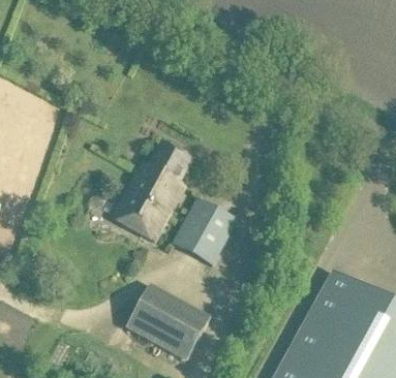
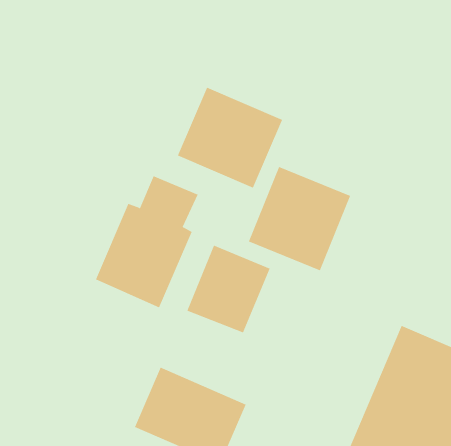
building: none -> [177,87,283,189]
building: none -> [248,166,351,271]

